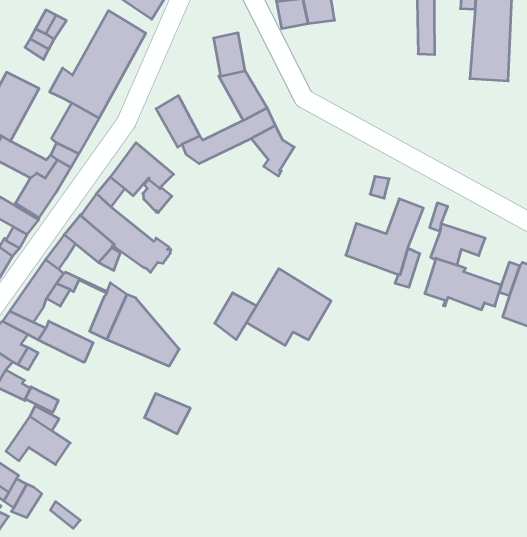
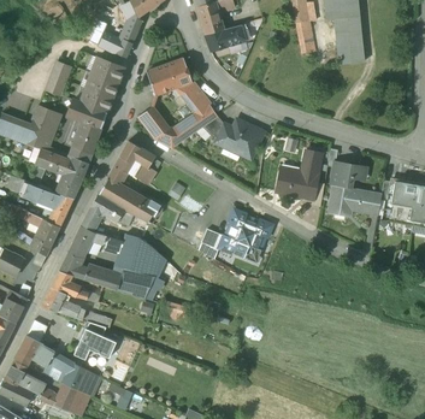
building: none -> [146,64,176,95]
building: none -> [224,118,264,159]
building: none -> [117,270,154,297]

